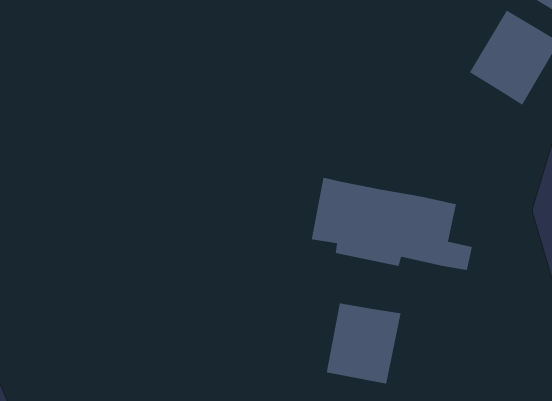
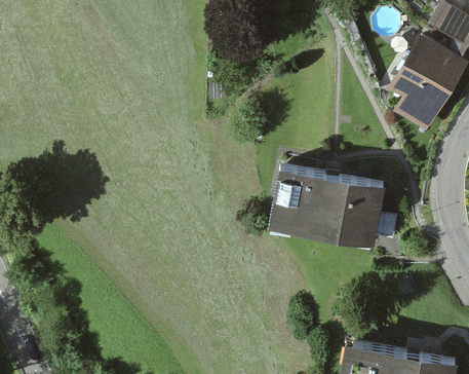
building: [326,302,401,384] -> none

